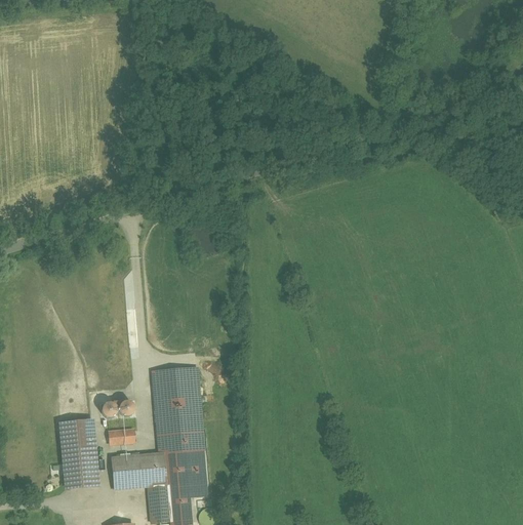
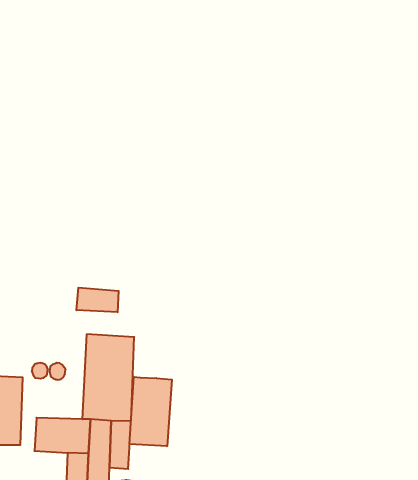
building: none -> [76,288,119,312]
building: none -> [130,377,172,446]
building: [108,429,135,446] -> none

